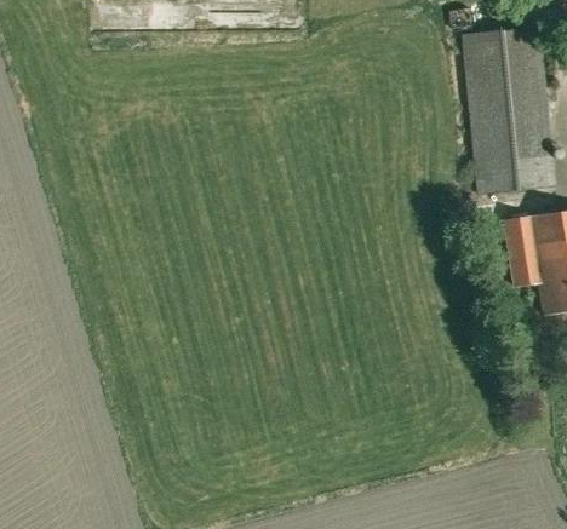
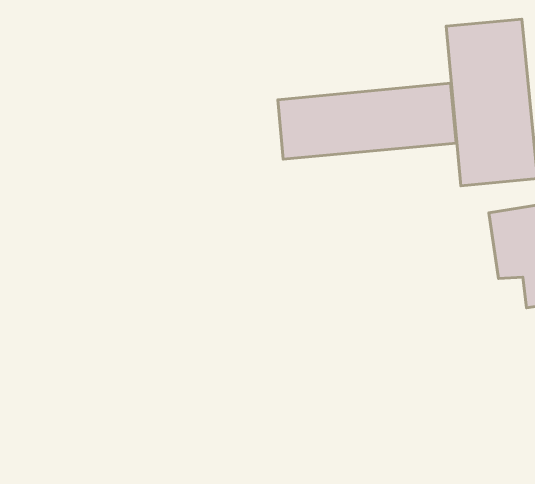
building: none -> [278,83,456,159]

